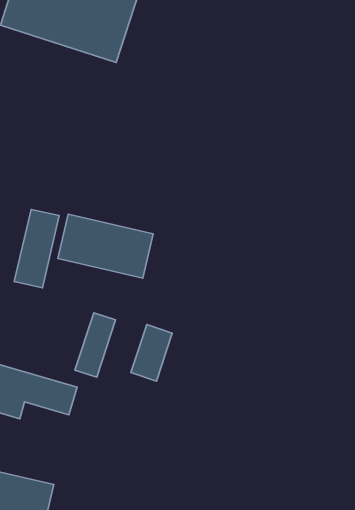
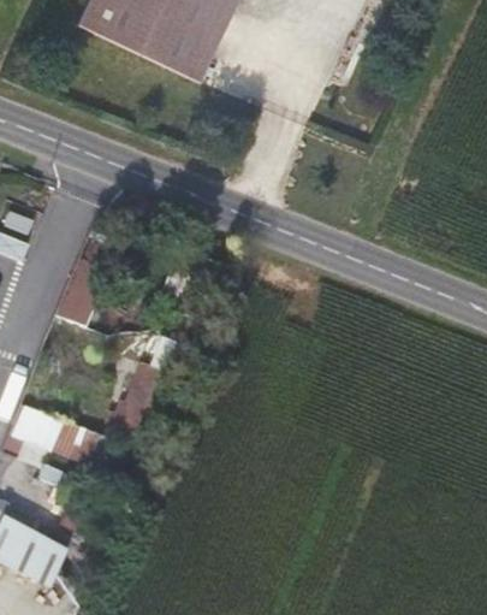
building: [58,214,153,278] -> none
building: [131,325,172,381] -> none

